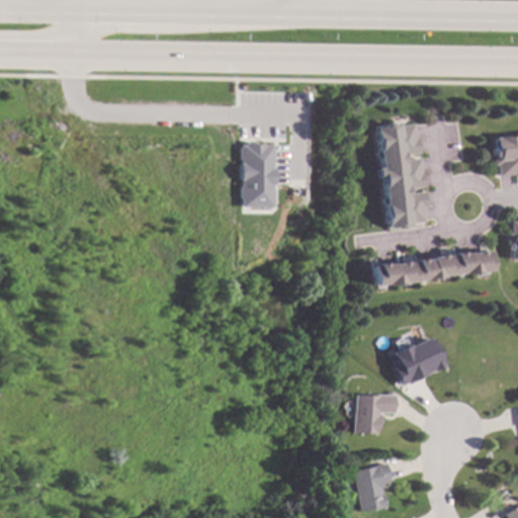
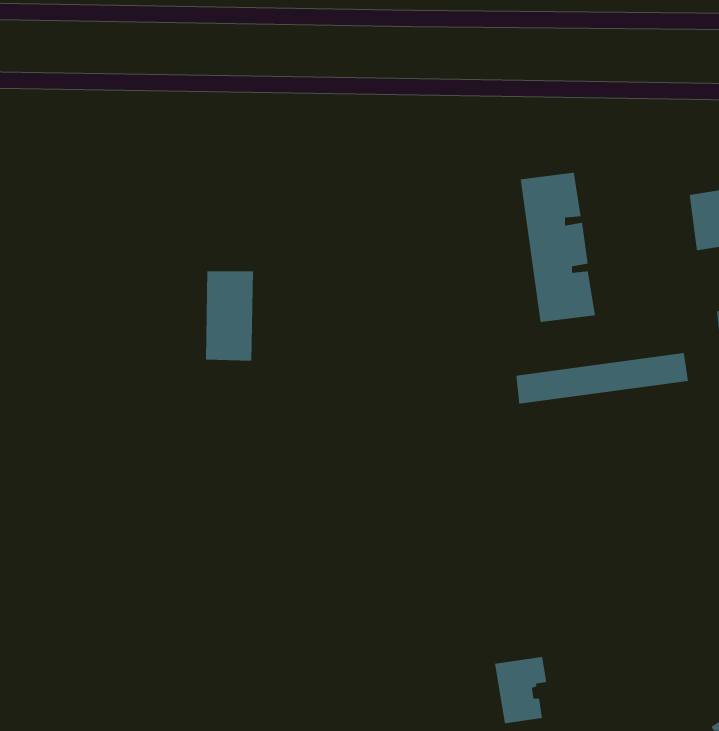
building: [240,144,274,207] -> [205,271,254,361]
building: [395,336,448,384] -> none
building: [357,393,398,433] -> none

